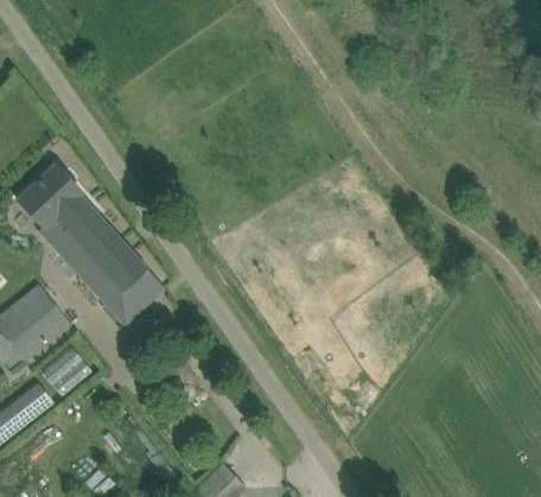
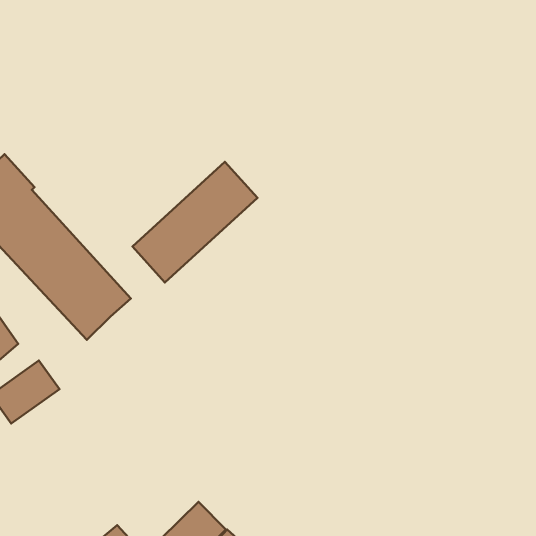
building: none -> [132,162,257,282]

